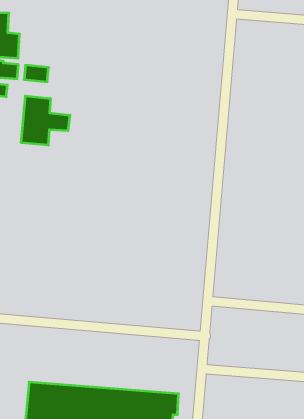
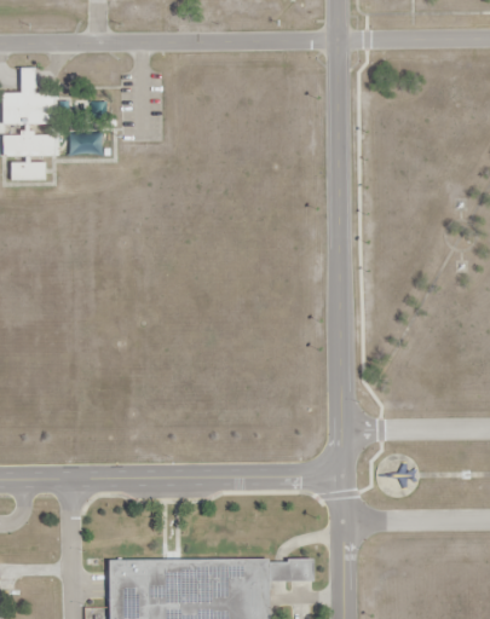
building: [21,96,70,145] -> none

